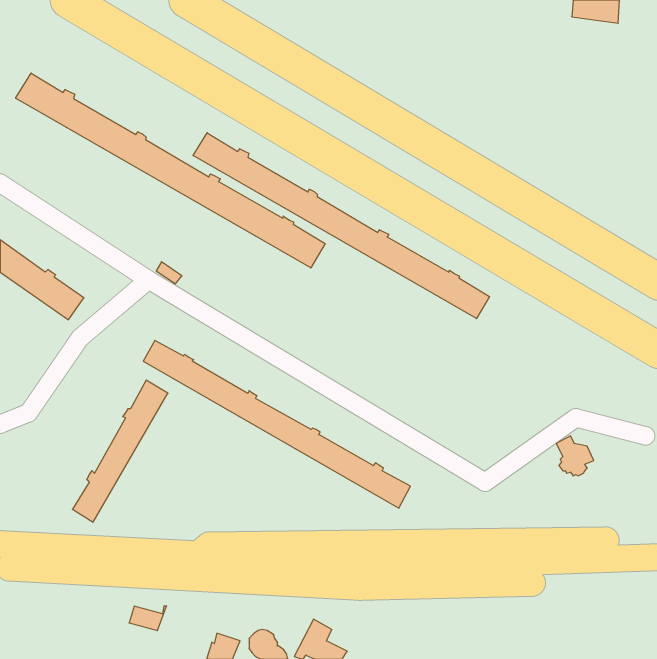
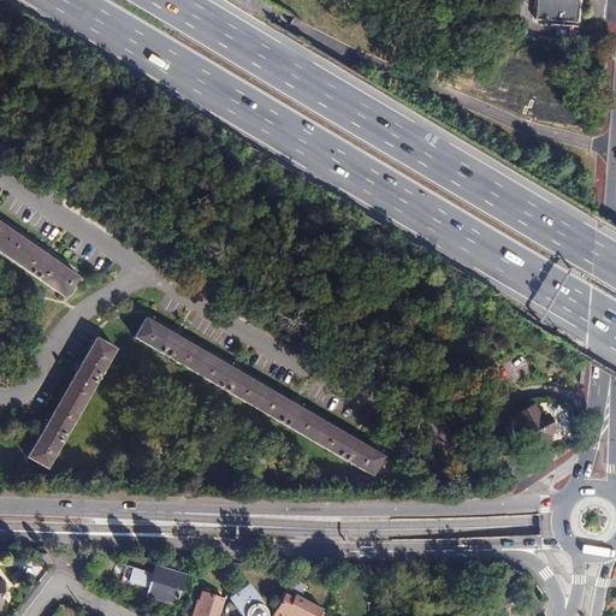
building: [16,73,325,268] -> none
building: [193,133,490,319] -> none
building: [72,380,168,522] -> [28,337,117,469]
building: none -> [148,565,185,604]

